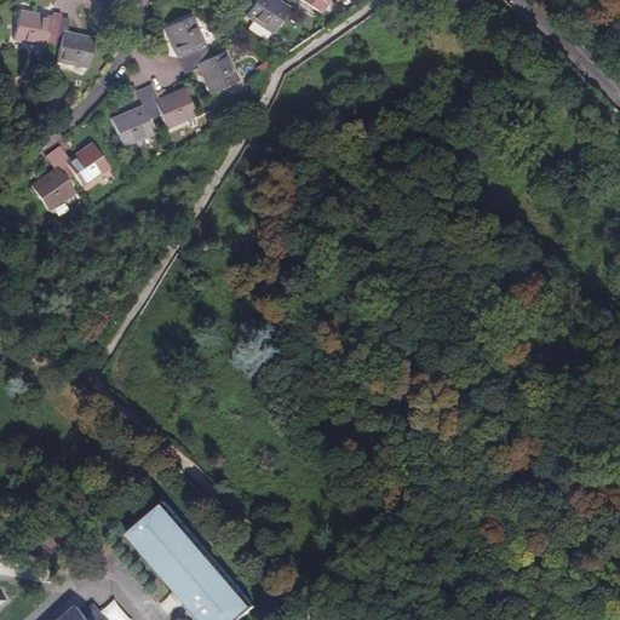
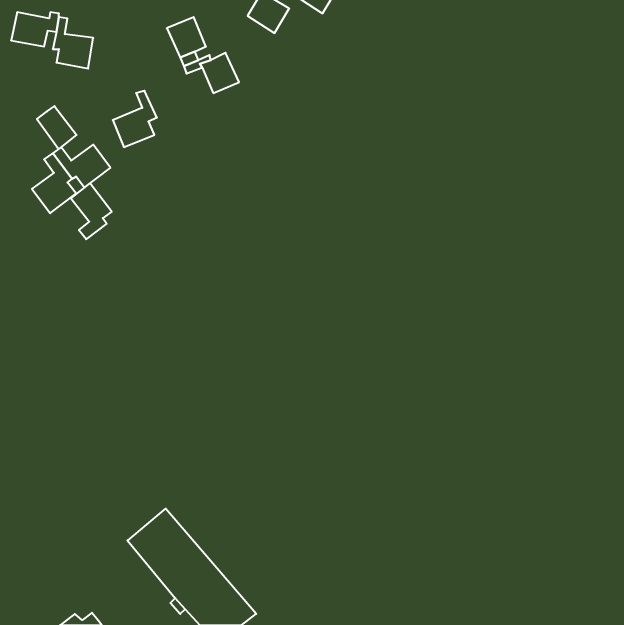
building: [143,86,195,127] -> none
building: none -> [37,106,77,149]
building: none -> [71,183,112,239]

